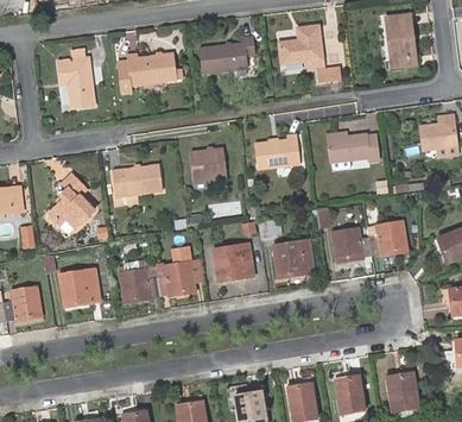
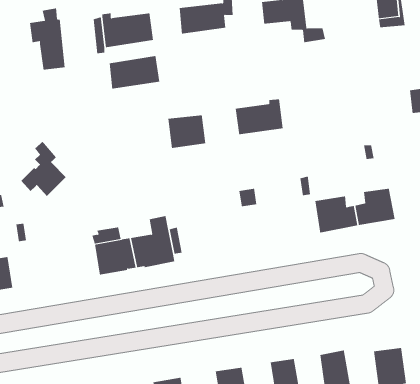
building: [328,132,378,162] -> none
building: [113,164,162,196] -> [109,56,160,89]
building: [272,239,315,277] -> none
building: [211,243,254,282] -> none
building: [59,269,100,307] -> none

